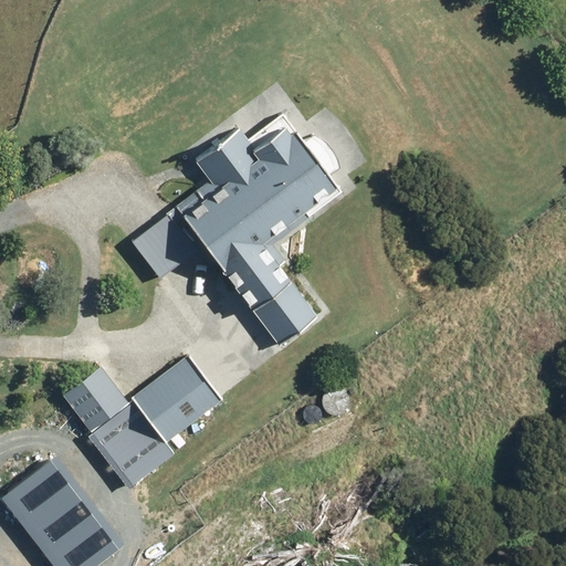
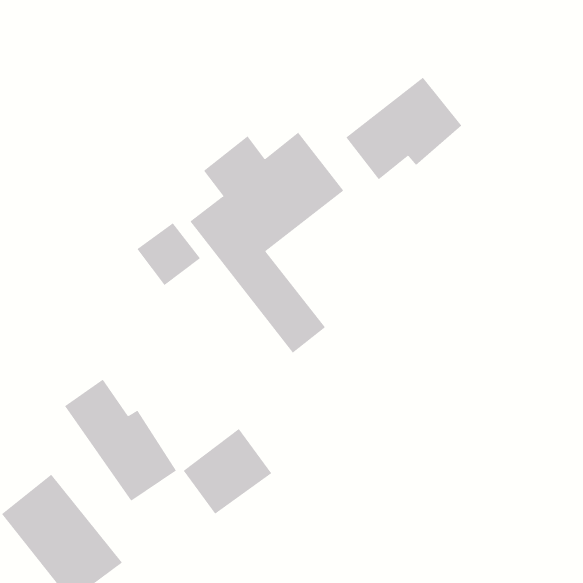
building: none -> [346,77,462,180]
building: [133,357,219,440] -> [183,428,272,514]

